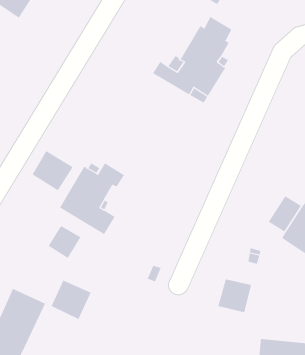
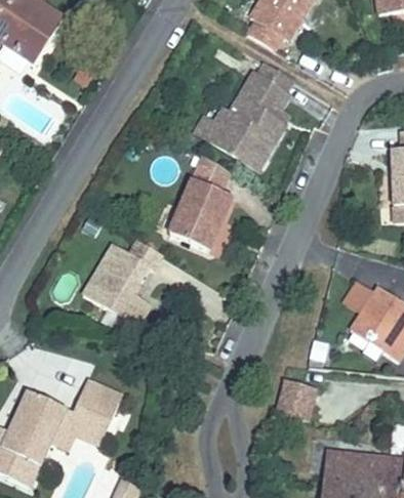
building: none -> [168,156,232,250]
building: [32,150,74,191] -> none
building: [48,225,81,259] -> none
building: none -> [50,409,107,451]

